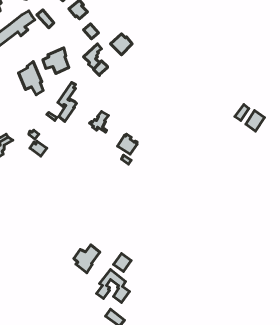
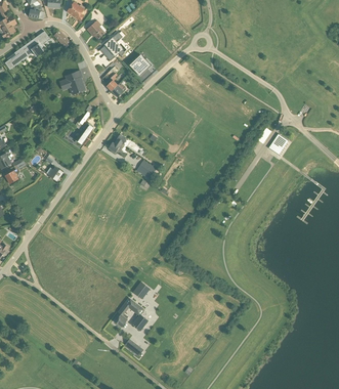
building: [18,62,43,95] -> none
building: [74,245,100,273] -> none

